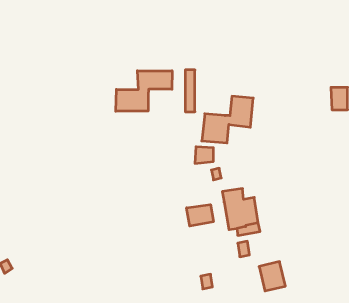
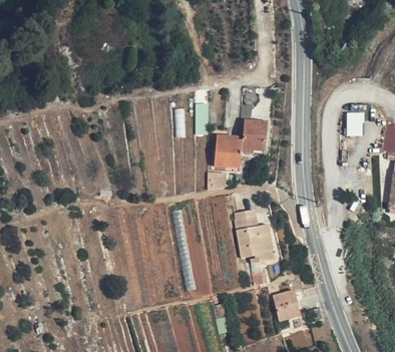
building: [116,71,172,111] -> none
building: [187,205,213,226] -> none

